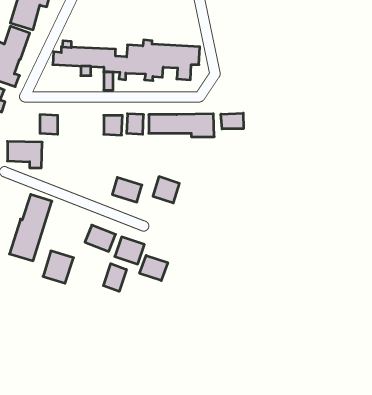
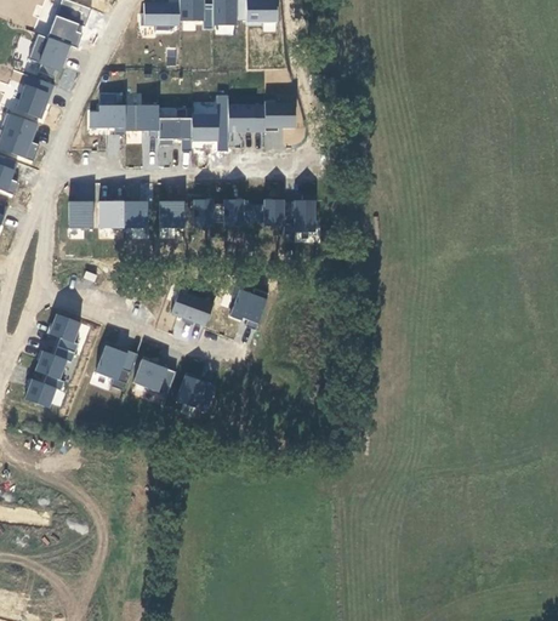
building: [221,113,243,129] -> none
building: [7,141,42,168] -> [98,200,148,238]
building: [43,251,74,283] -> [93,344,137,391]
building: [140,255,168,281] -> none
building: [103,264,126,291] -> none

